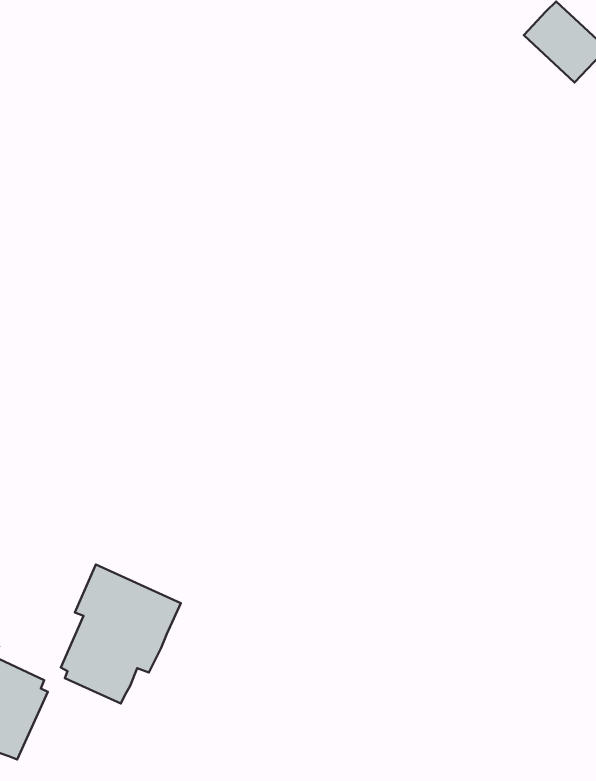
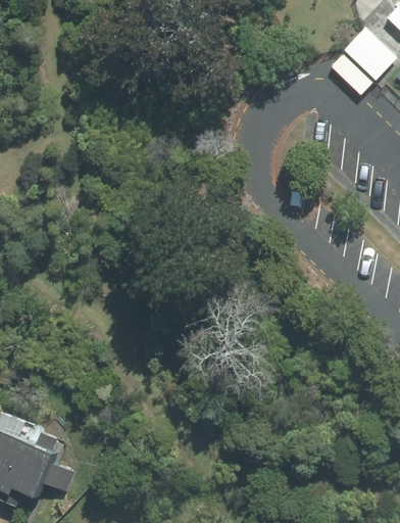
building: [61,564,181,703] -> none

